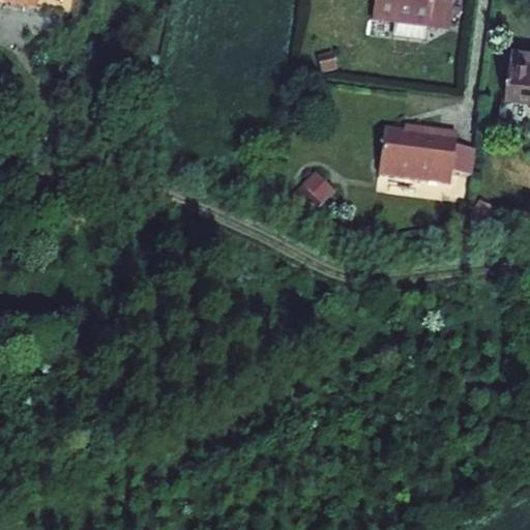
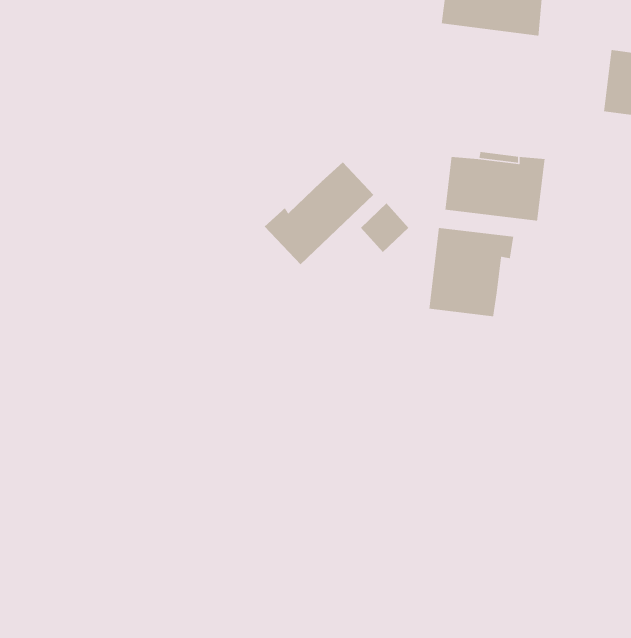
building: none -> [264,162,374,265]
building: none -> [428,227,514,317]

